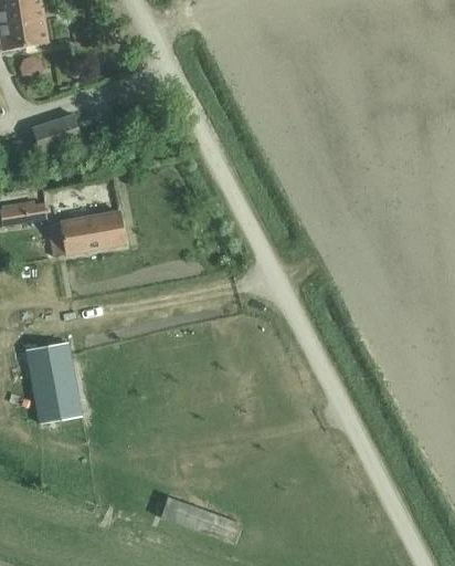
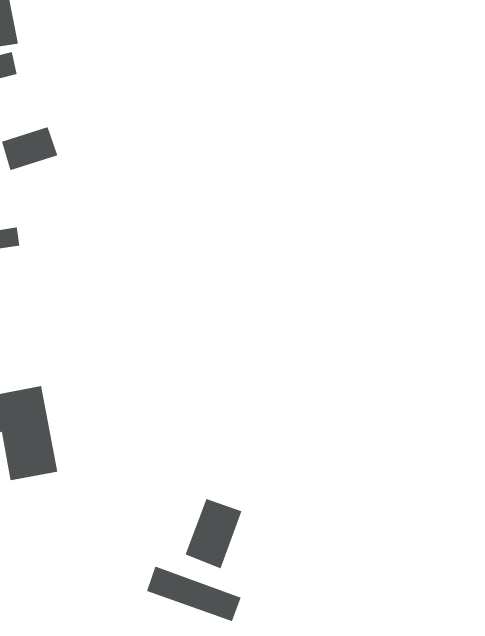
building: [50,210,124,256] -> none
building: none -> [185,498,242,569]

